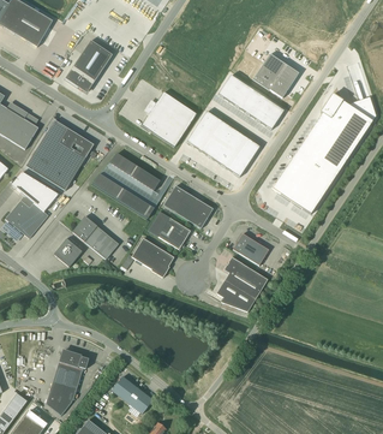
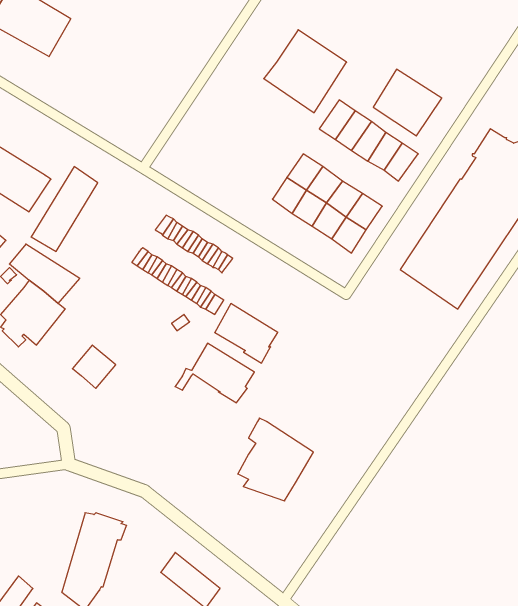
building: [65,40,112,90] -> none
building: [140,91,196,147] -> [264,30,347,113]
building: [42,130,94,190] -> none
building: [163,185,213,228] -> none
building: [72,215,118,258] -> none
building: [232,233,268,264] -> none
building: [216,256,267,311] -> [238,418,313,501]

